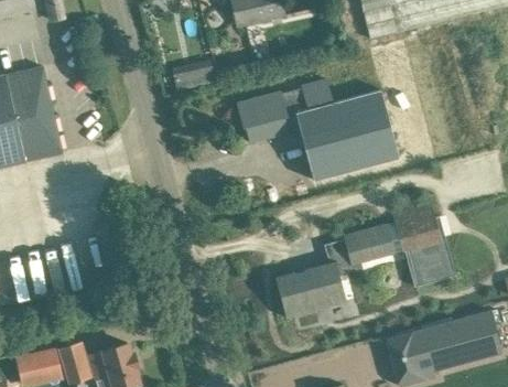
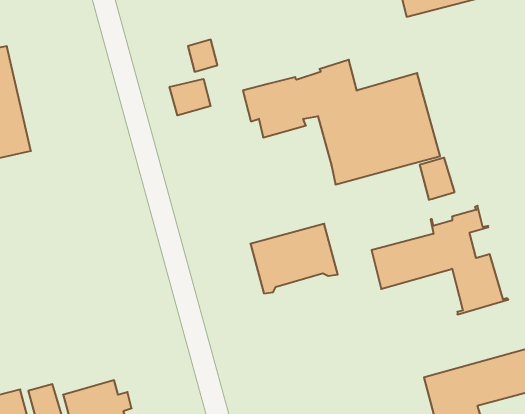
building: none -> [170,79,211,115]
building: none -> [420,158,454,200]
building: [275,262,347,320] -> [250,224,338,293]

